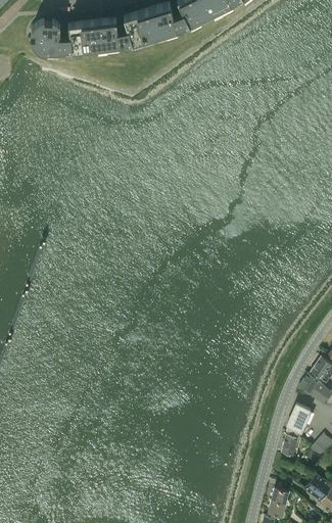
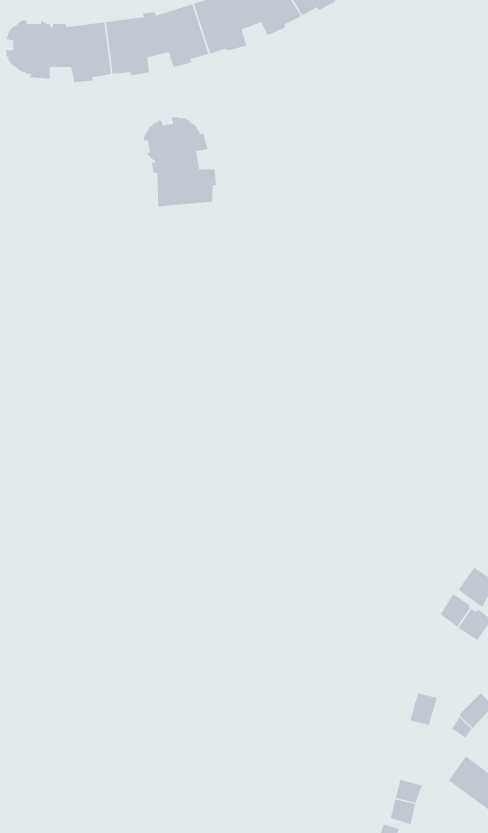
building: none -> [143,116,217,207]
building: [287,403,312,437] -> none

